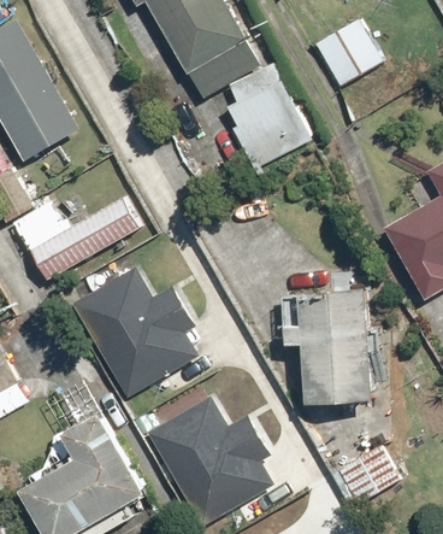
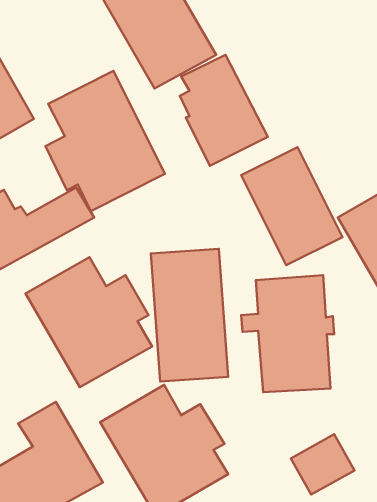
building: [313,19,382,88] -> none
building: none -> [46,71,165,211]
building: none -> [241,147,342,265]
building: none -> [151,249,228,382]

